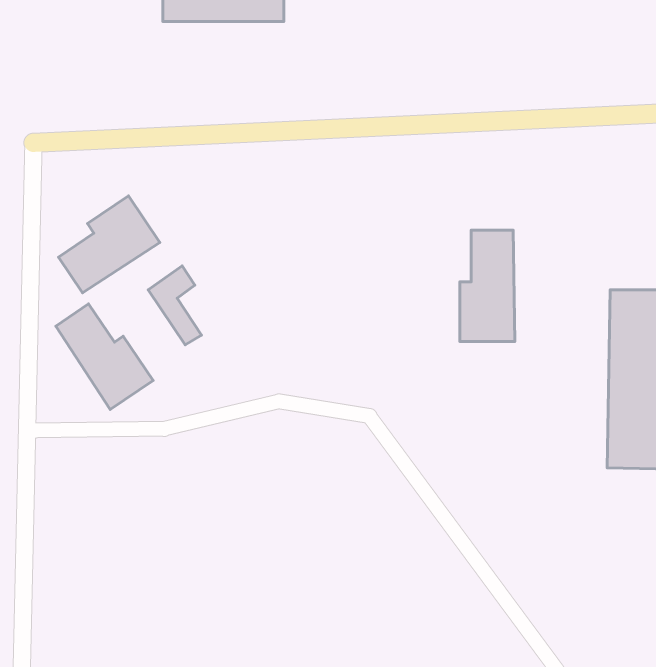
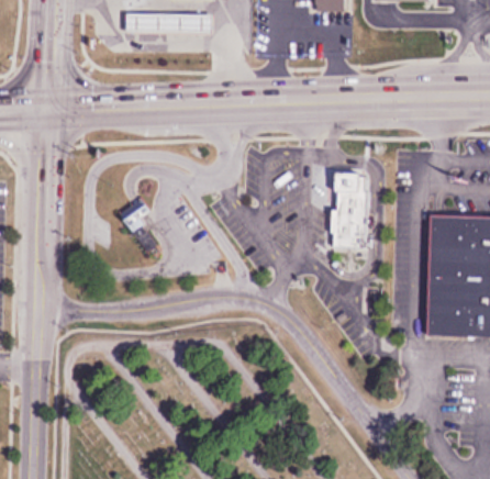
building: [58,196,160,293] -> none
building: [56,304,153,409] -> none

